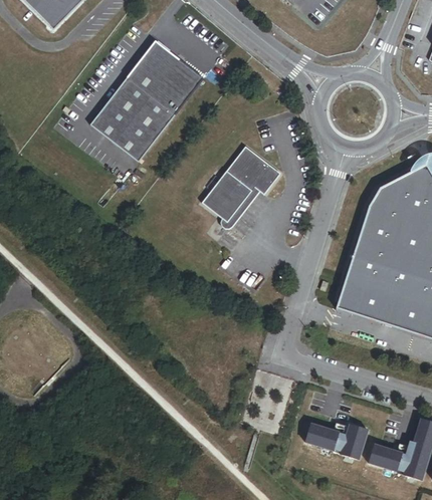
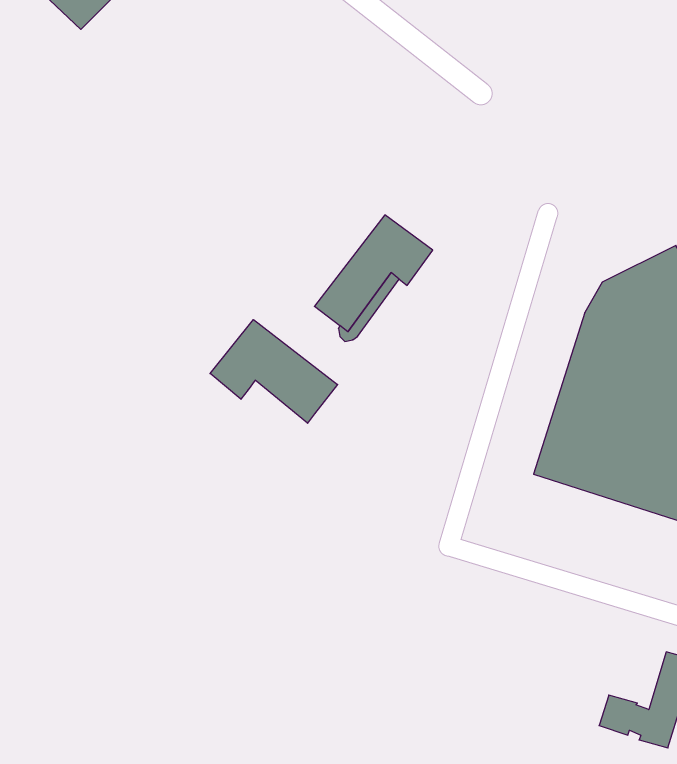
building: [88,38,202,160] -> none
building: none -> [210,320,338,423]
building: [306,422,368,457] -> none

